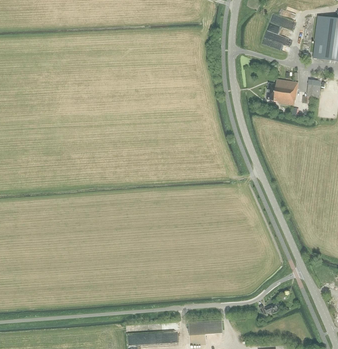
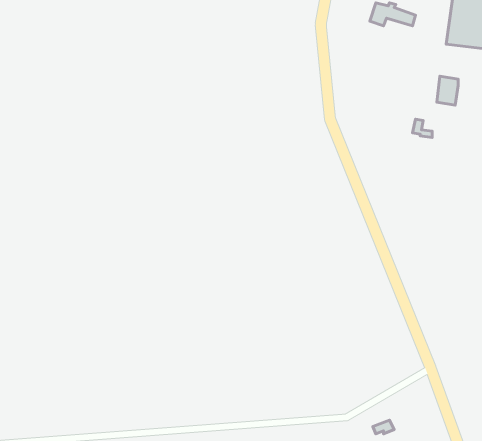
building: [266,79,297,105] -> none

